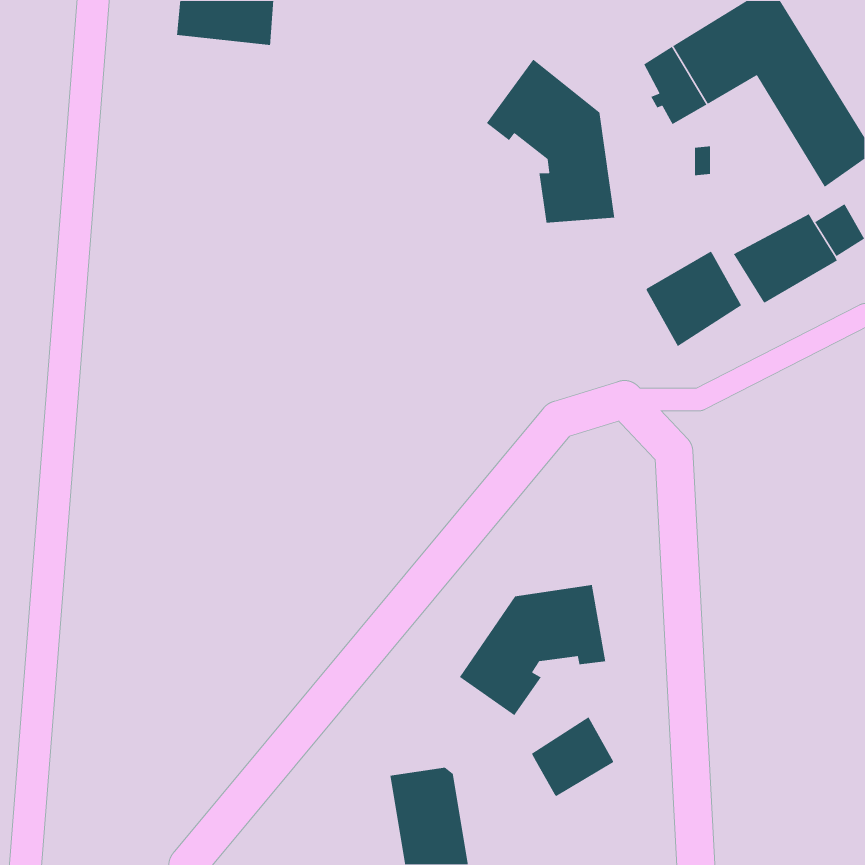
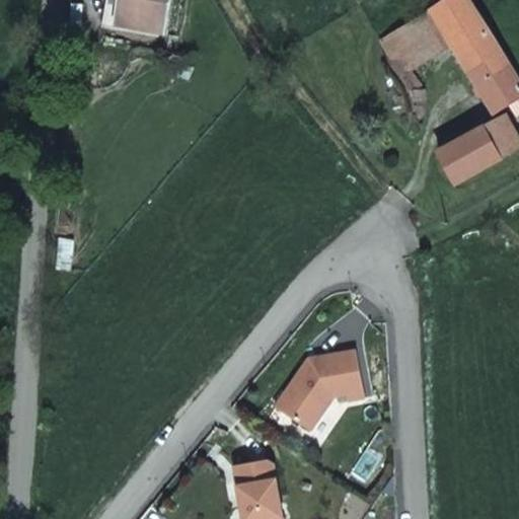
building: [486,58,615,224] -> none
building: [646,250,742,347] -> none
building: [531,716,614,797] -> none

